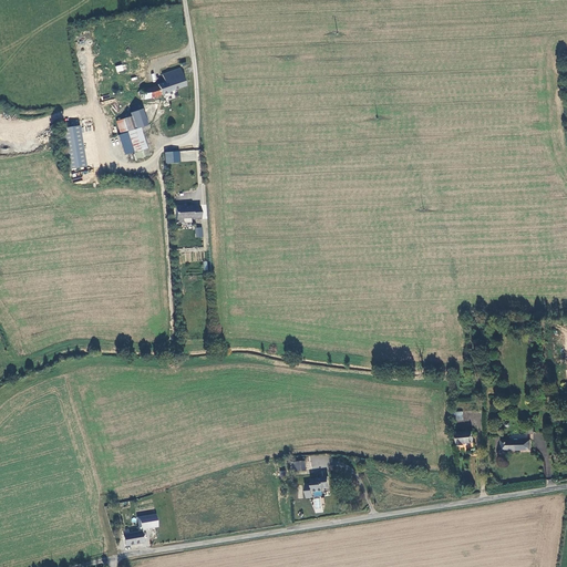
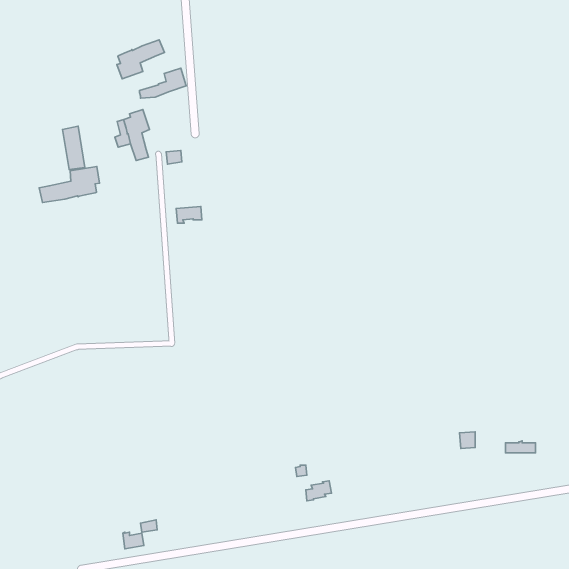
building: none -> [117,40,165,79]
building: none -> [39,167,100,203]

